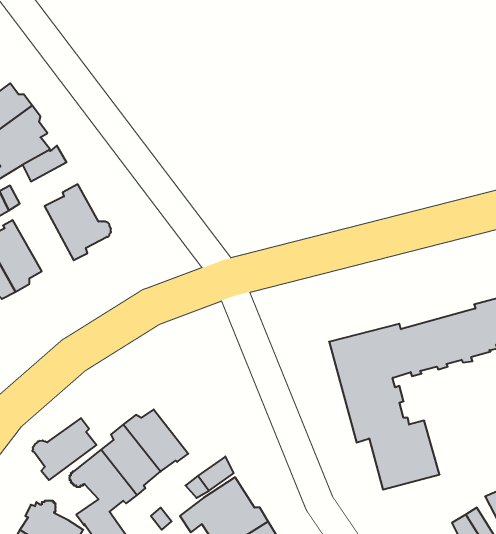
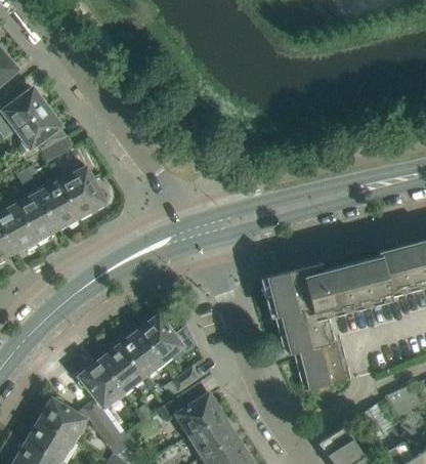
building: none -> [34,181,79,229]
building: none -> [138,315,195,365]
building: [33,418,96,480] -> none

